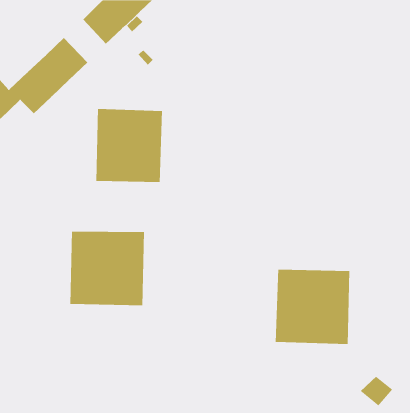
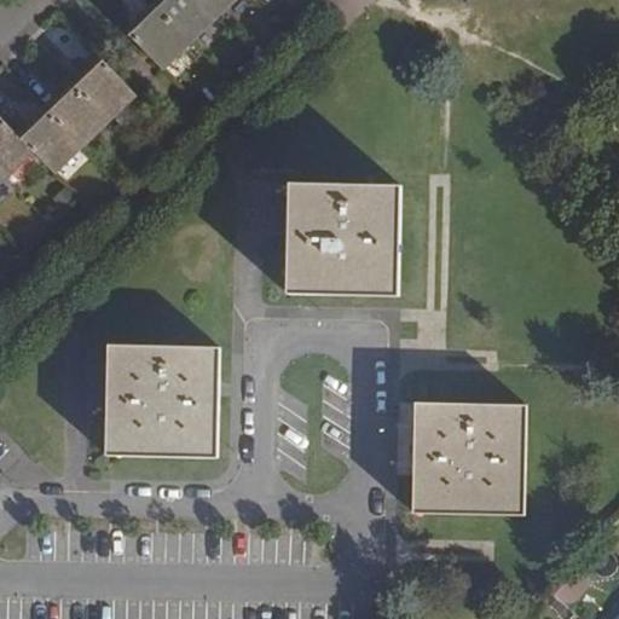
building: [96,108,163,183] -> none
building: none -> [285,181,398,295]

